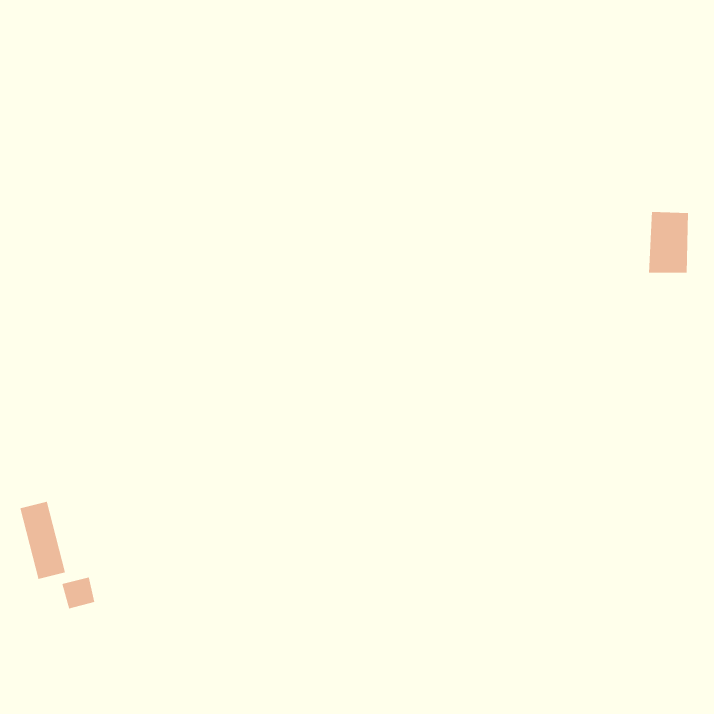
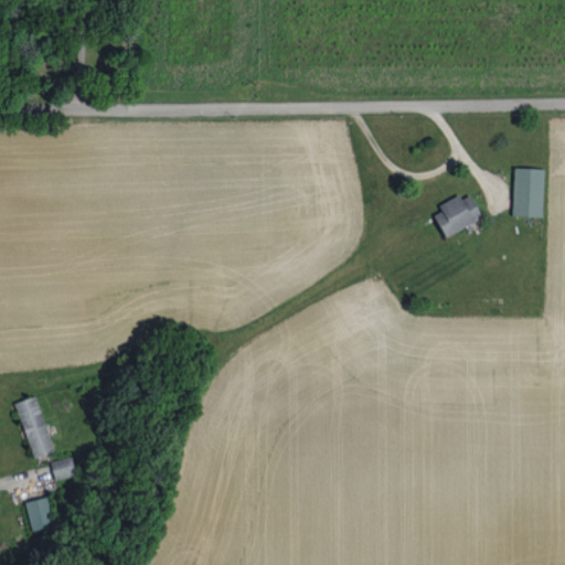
building: none -> [434,195,482,236]
building: none -> [25,498,54,531]

